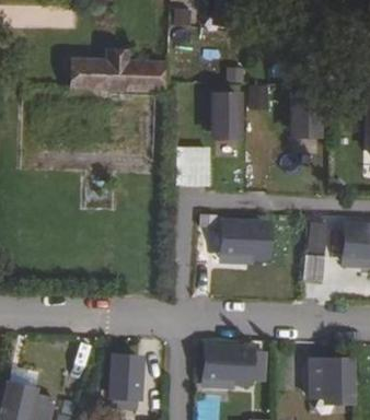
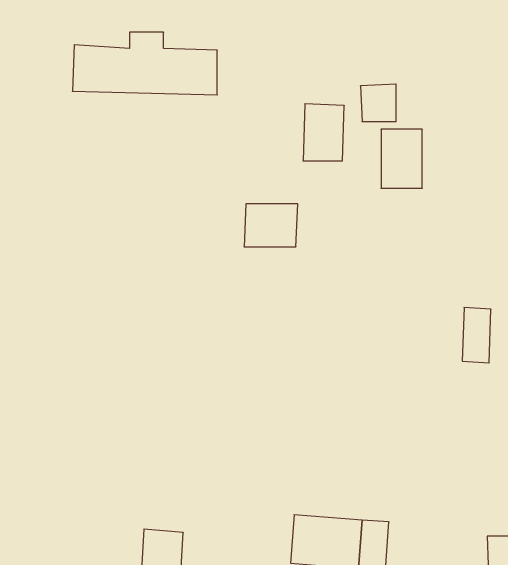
building: [292,94,317,130] -> [381,129,422,188]
building: [220,224,264,256] -> none

